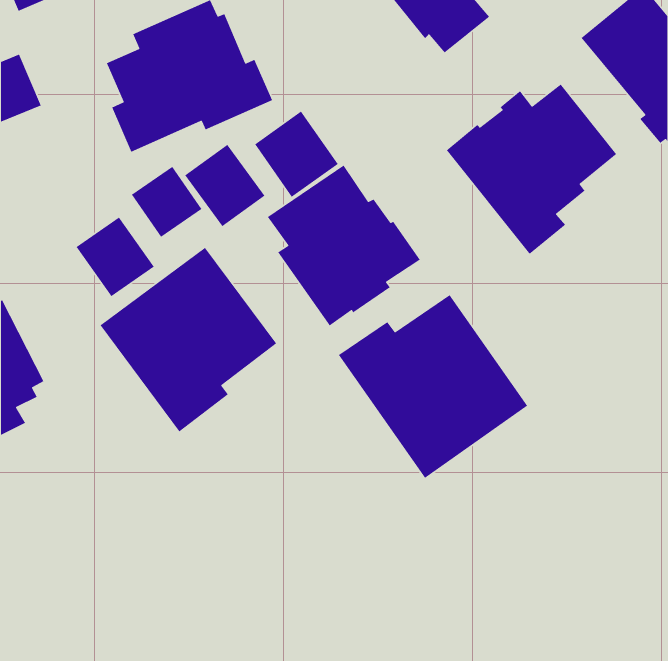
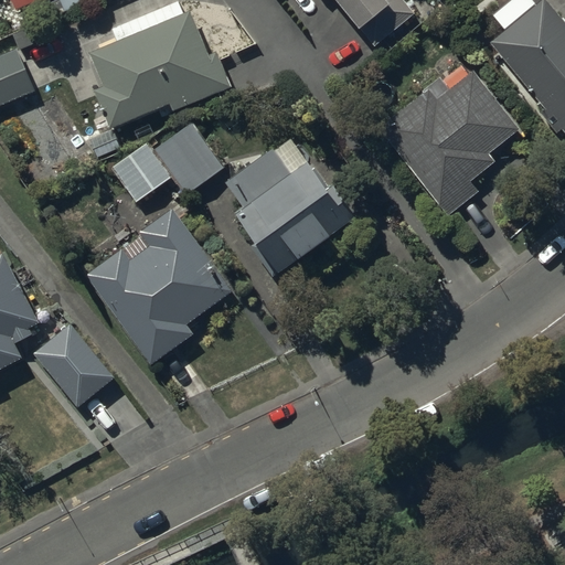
building: [254,111,339,198] -> none
building: [75,216,155,297] -> none
building: [338,294,528,479] -> none
building: none -> [32,323,115,408]

